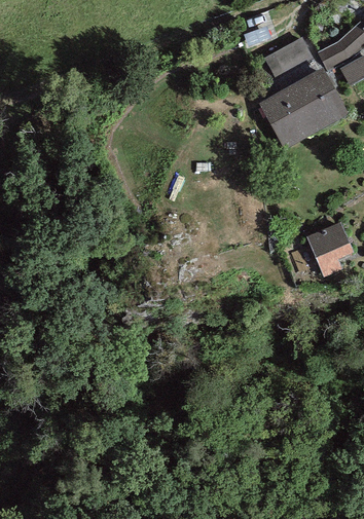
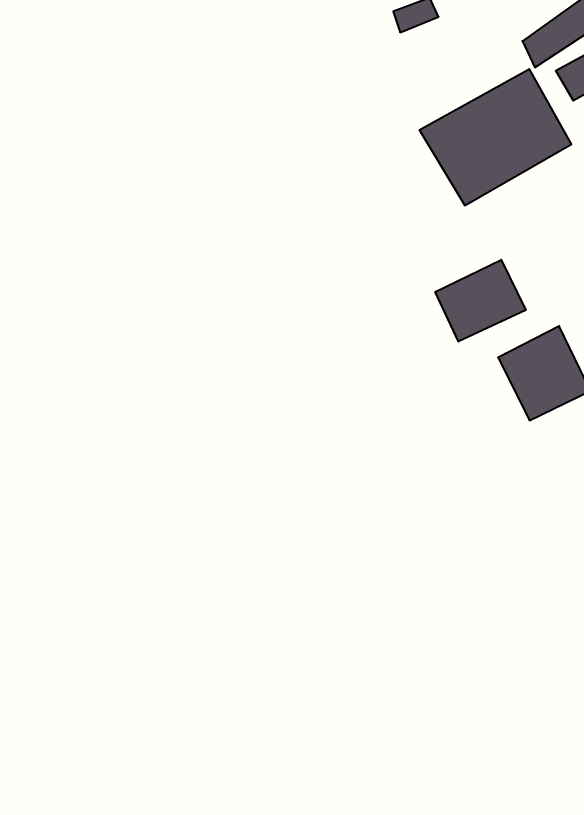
building: [264,38,319,87] -> none
building: none -> [435,260,526,342]

